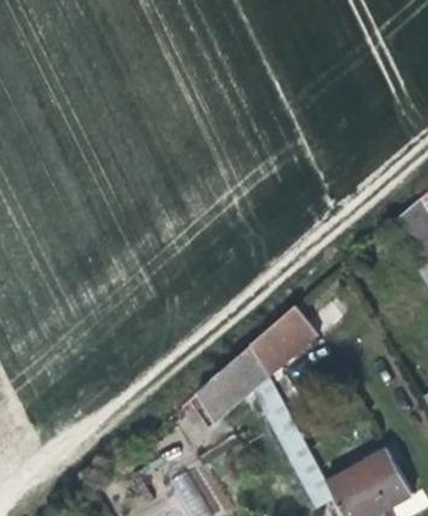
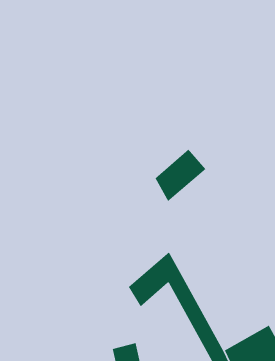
building: [251,307,320,379] -> [154,149,206,202]

